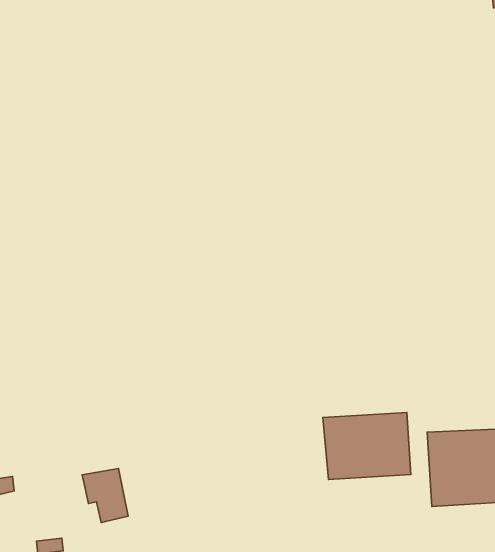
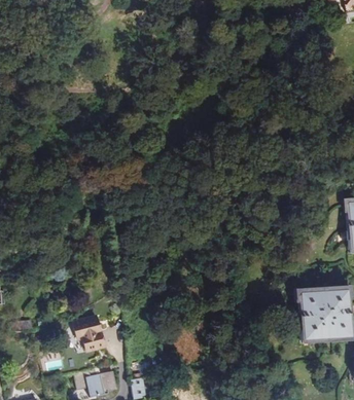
building: [323,412,411,479] -> none

